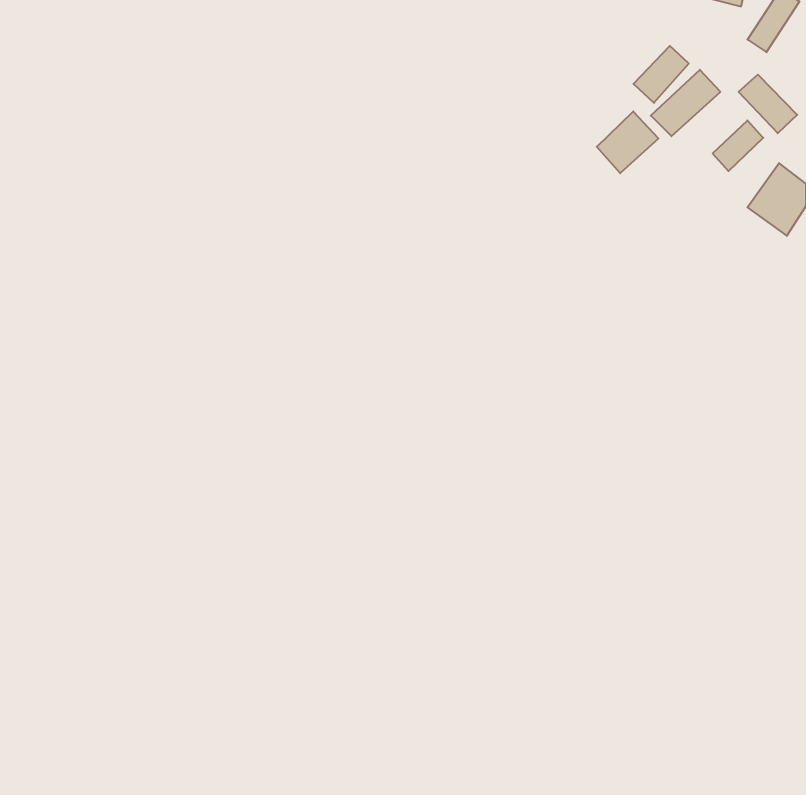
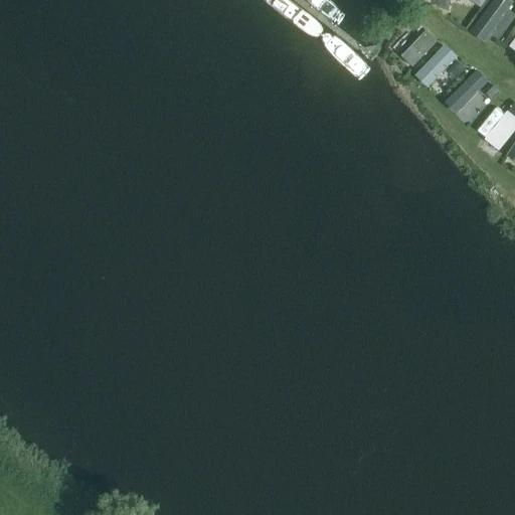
building: [739,75,797,133] -> none
building: [597,111,658,173] -> none

